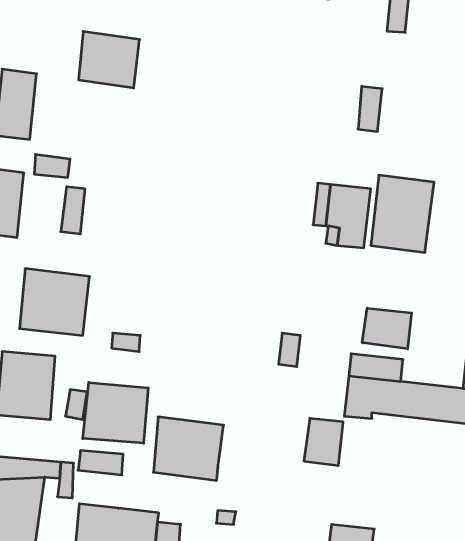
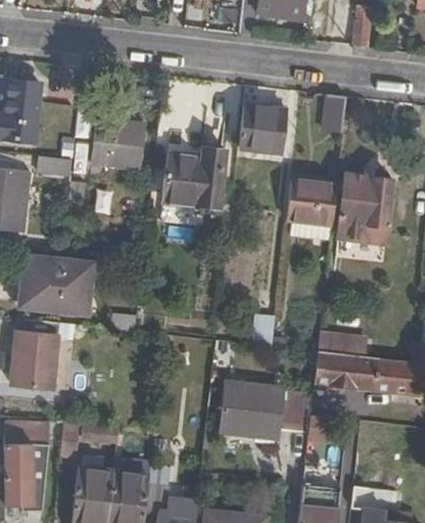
building: [79,31,140,88] -> [88,121,142,171]
building: none -> [239,107,285,153]
building: none -> [164,148,231,208]
building: [362,308,412,349] -> none
building: [83,382,148,443] -> none
building: [153,417,224,480] -> [221,382,283,438]

